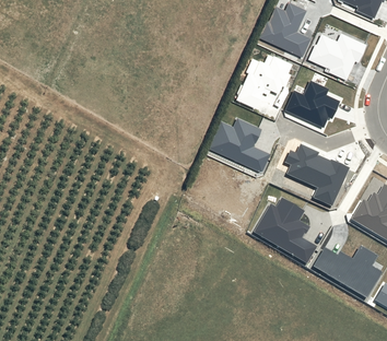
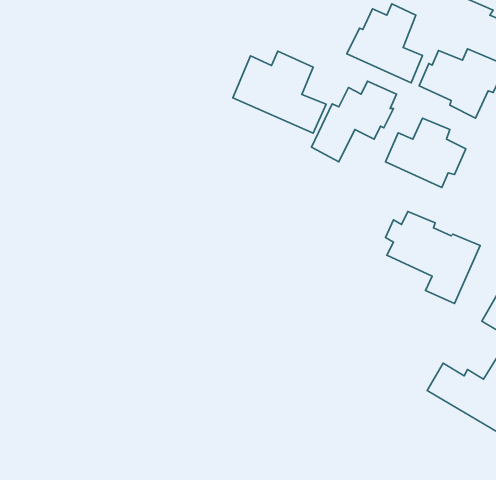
building: [208,118,271,174] -> [233,51,326,133]
building: [254,197,317,263] -> none

